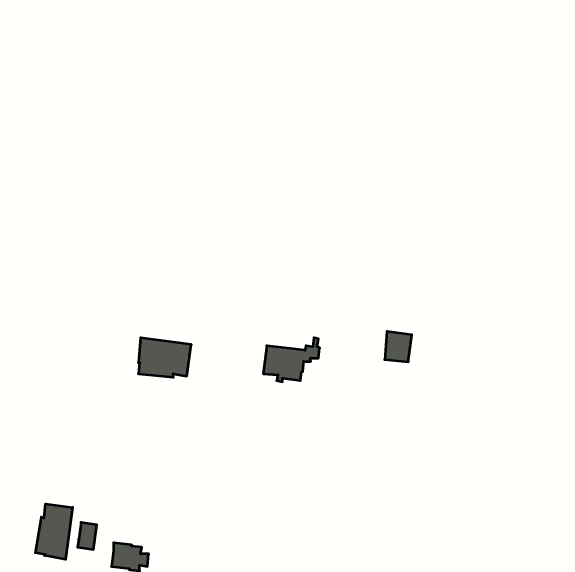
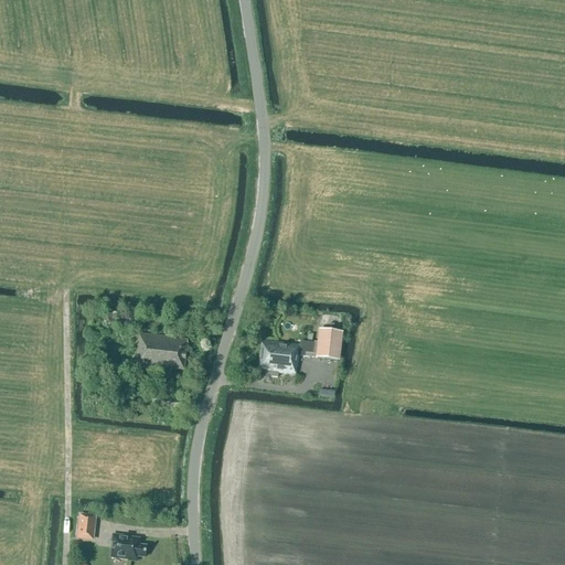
building: [385,331,412,362] -> [316,328,342,358]
building: [35,504,73,559] -> none

